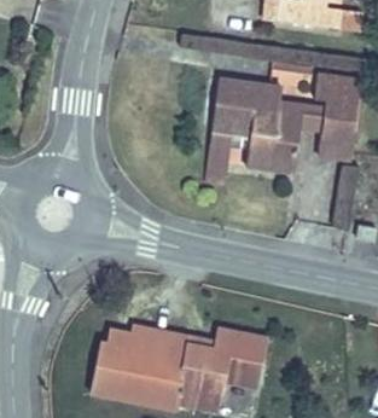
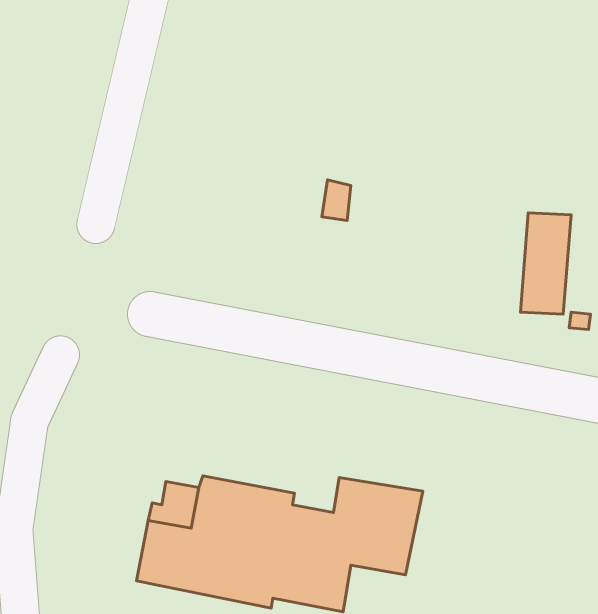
building: [318,69,360,150] -> none
building: [211,70,301,163] -> none

